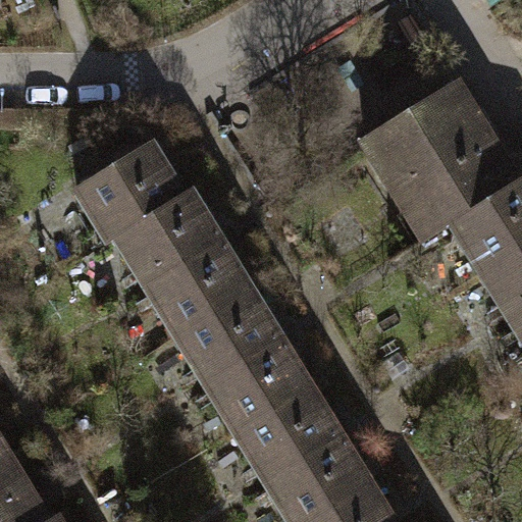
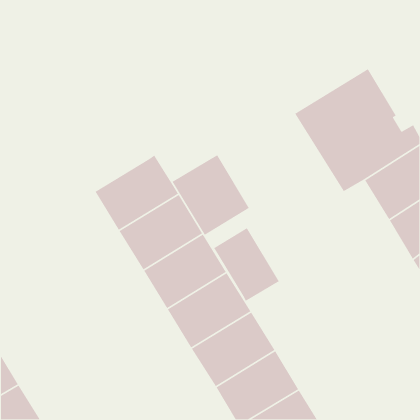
building: [76,144,185,243] -> none
building: none -> [172,154,250,236]
building: none -> [213,227,280,302]

